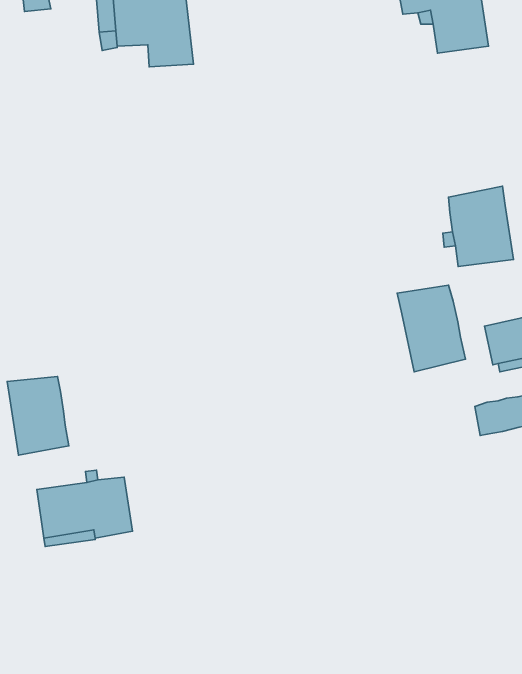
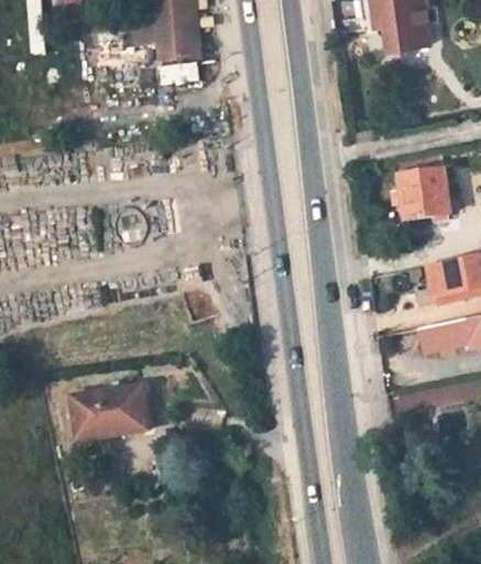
building: [397,285,466,372] -> none
building: [7,377,69,455] -> none

